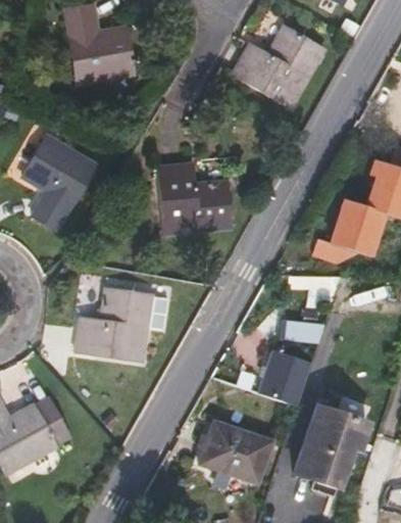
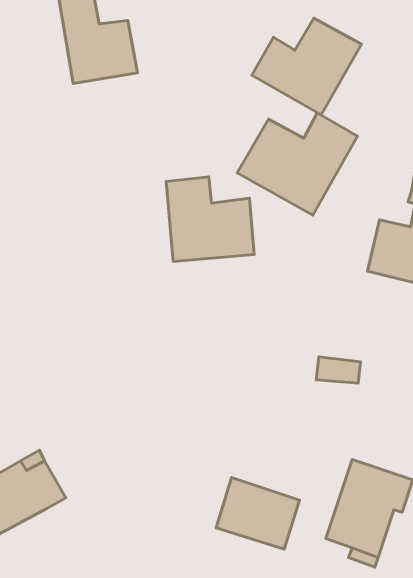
building: none -> [237,113,358,215]
building: [22,136,94,230] -> none
building: [73,288,152,363] -> none
building: [259,346,309,401] -> none

